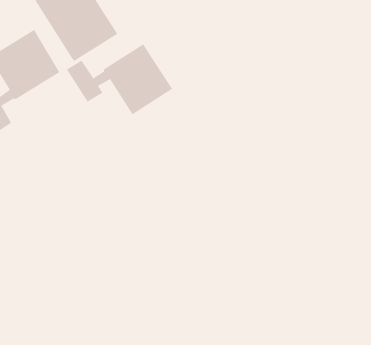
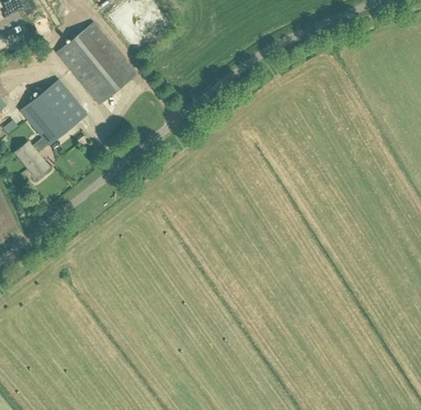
building: [66,43,173,115] -> none

